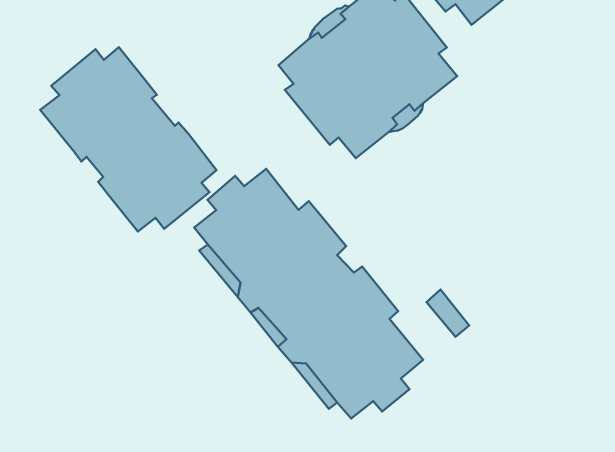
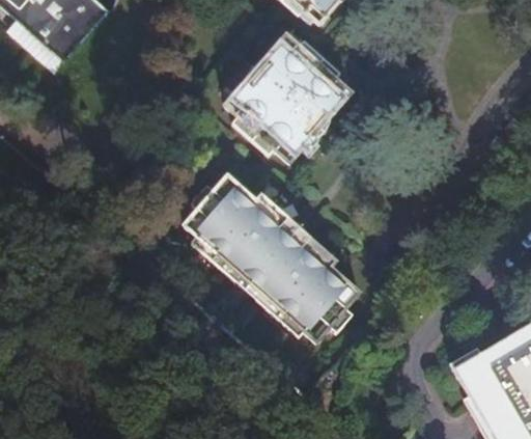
building: [40,47,217,231] -> none

